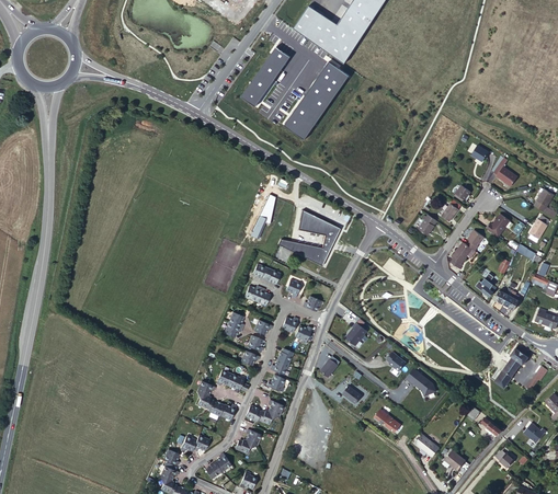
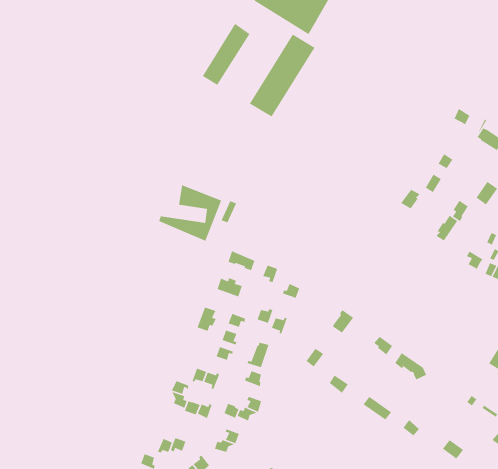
building: [276,210,338,266] -> [158,184,222,242]

